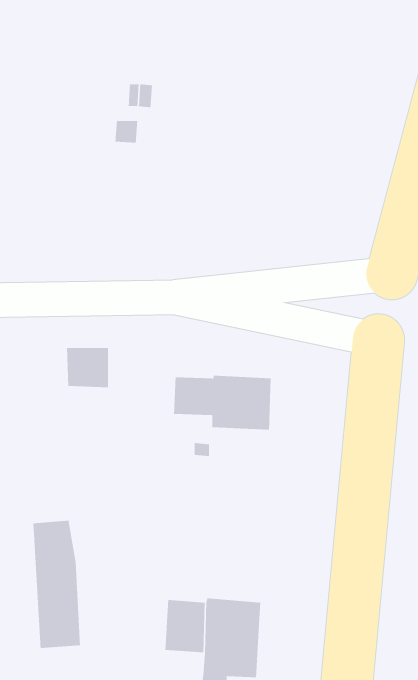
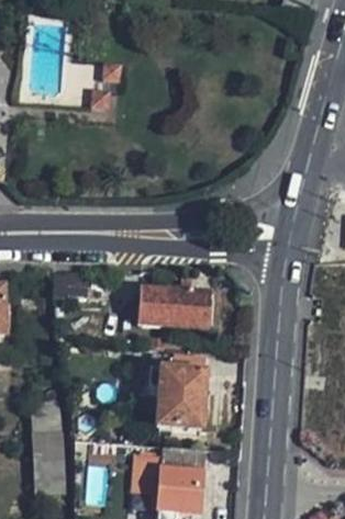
building: none -> [142,356,205,441]

